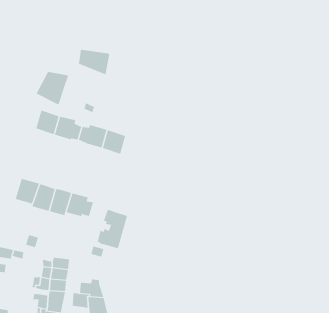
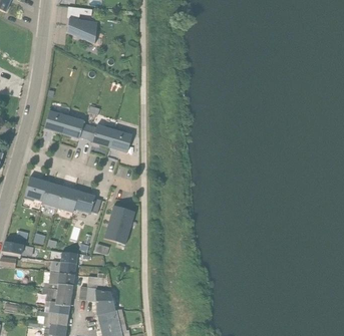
building: [78,49,110,75] -> [66,18,97,43]
building: [36,71,69,105] -> none

